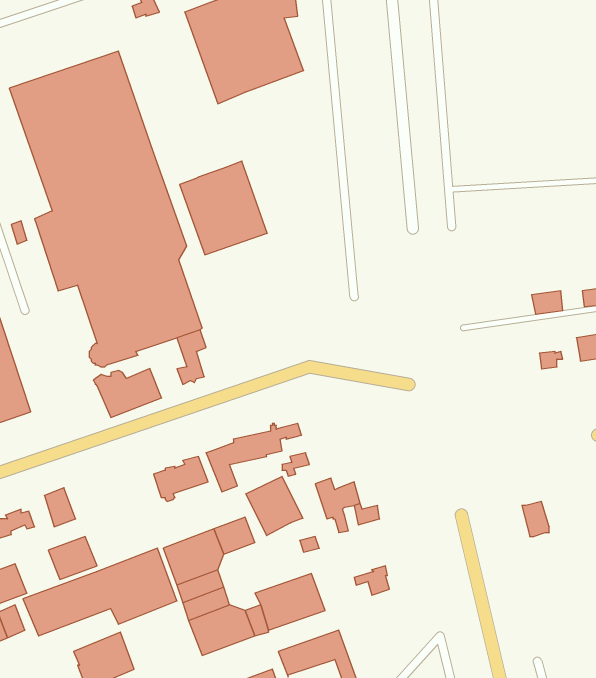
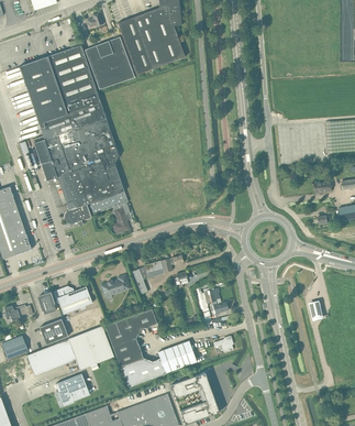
building: [180,161,267,255] -> [85,36,134,89]
building: [93,369,162,417] -> [54,286,92,314]
building: [246,476,303,536] -> none

